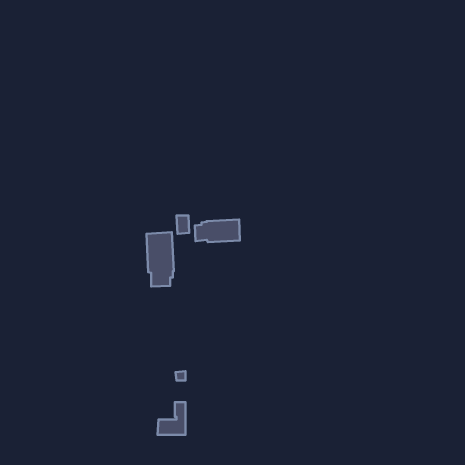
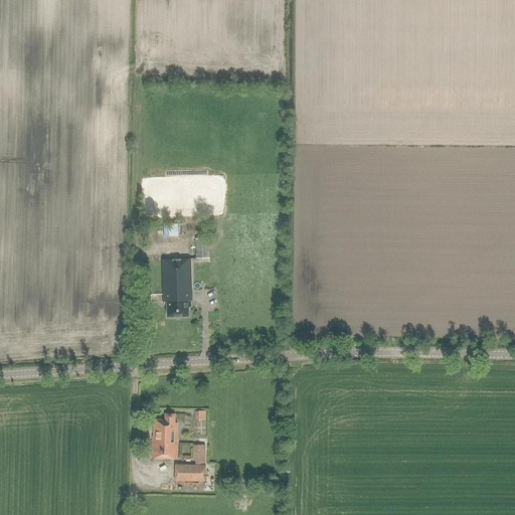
building: [195,220,240,242] -> none
building: none -> [152,413,177,458]

